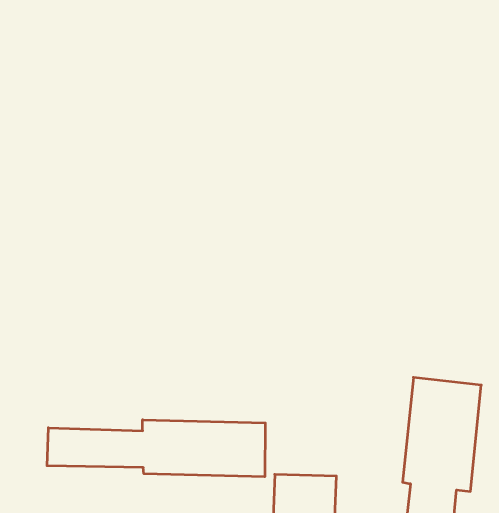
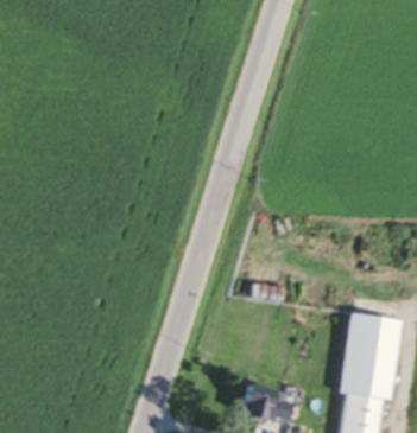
building: [47,420,265,477] -> none

